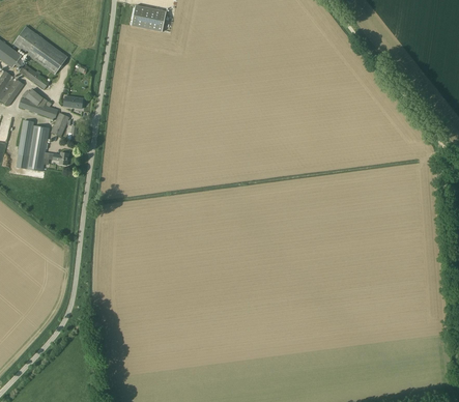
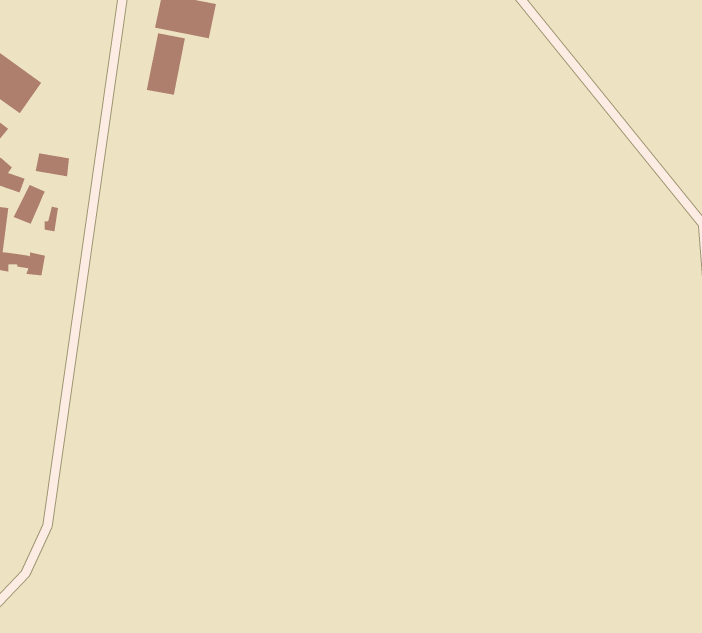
building: none -> [146,33,186,96]

